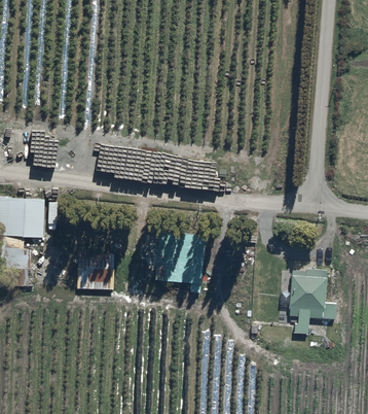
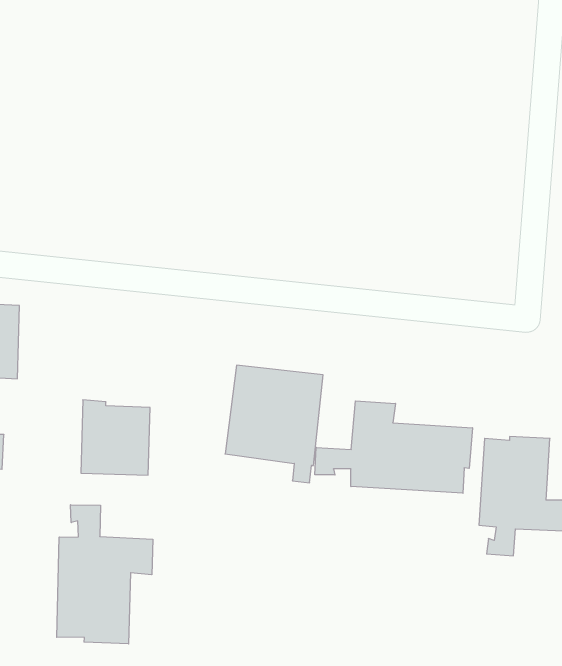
building: none -> [315,401,472,493]
building: none -> [57,505,153,644]

